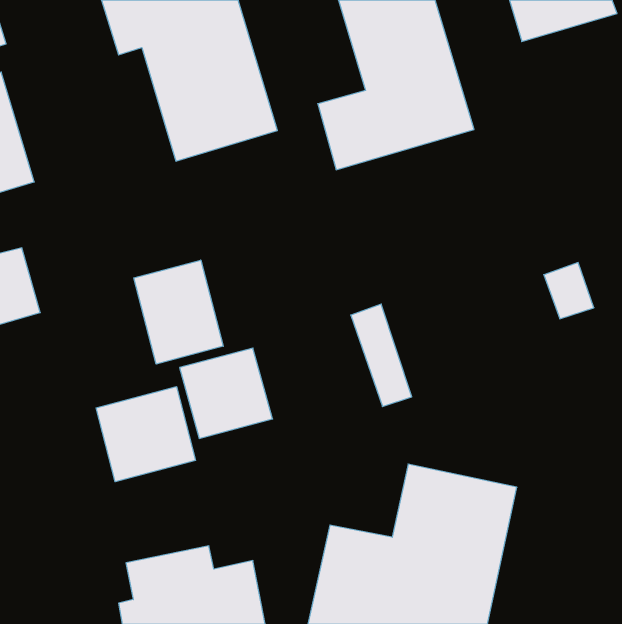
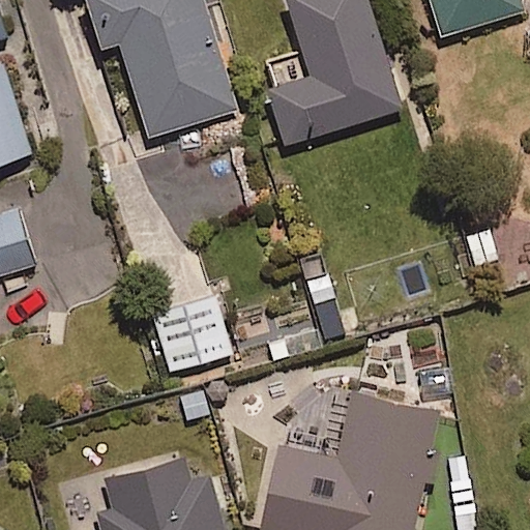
building: [134,260,223,364] -> none
building: [96,387,195,482] -> none

